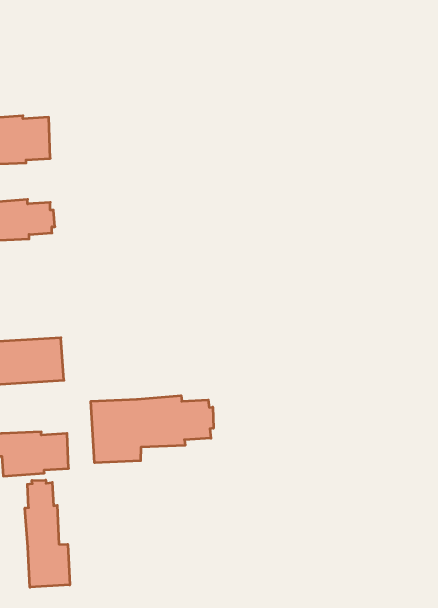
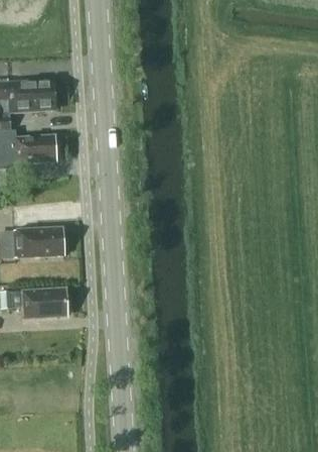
building: [91,396,213,463] -> none
building: [25,480,70,587] -> none

